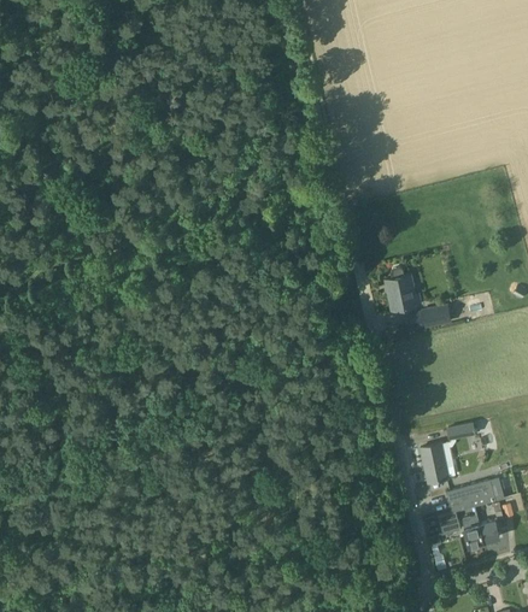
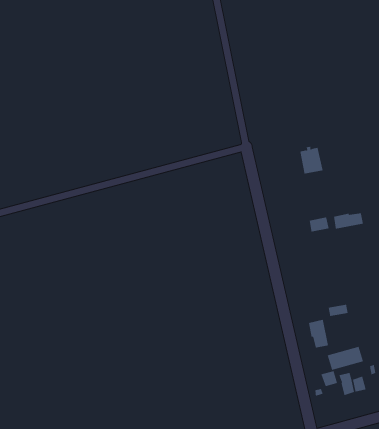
building: [385,273,417,311] -> [299,146,324,174]
building: none -> [333,212,364,230]

